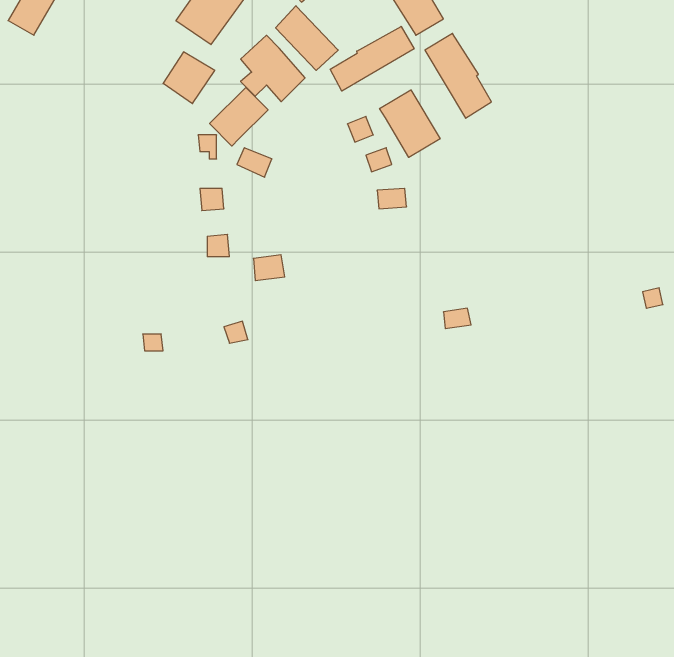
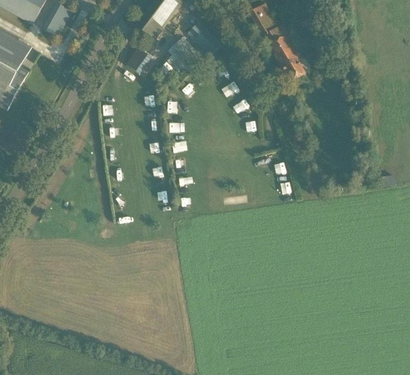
building: [330,26,414,91] -> none
building: [210,88,268,146] -> none
building: [380,90,440,157] -> none

